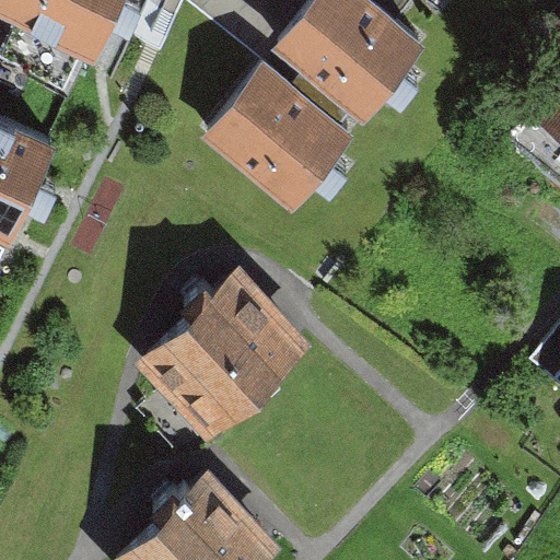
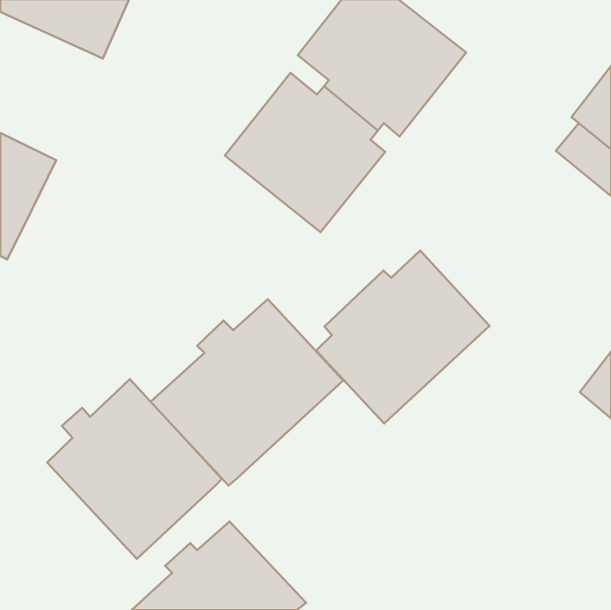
building: none -> [316,251,490,423]
building: none -> [47,379,222,559]

